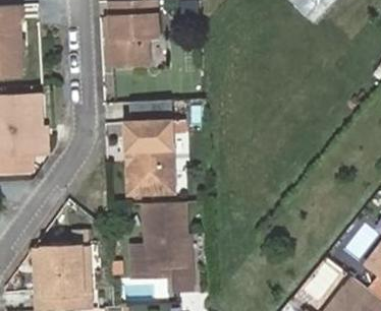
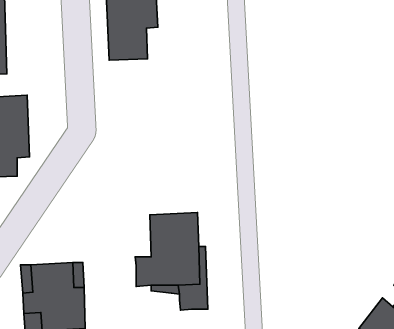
building: [129,100,188,194] -> none

